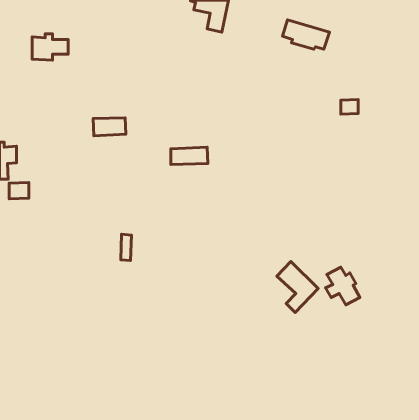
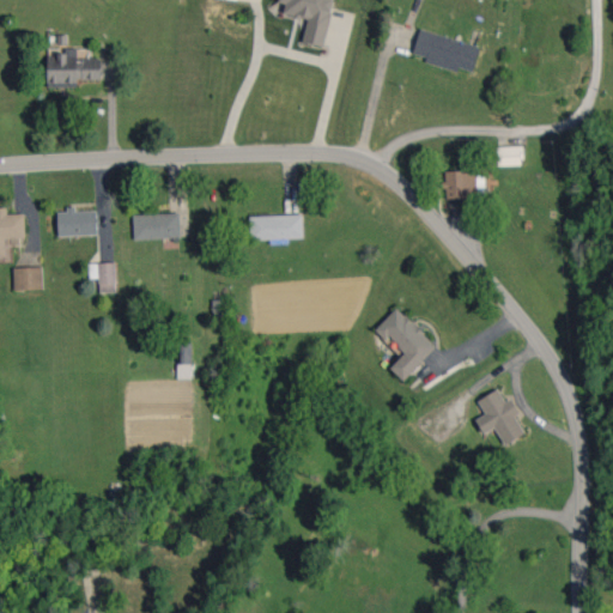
building: none -> [444,170,475,198]
building: [93,118,126,136] -> [132,213,180,239]
building: none -> [56,208,96,236]
building: none -> [89,262,115,292]
building: [277,261,318,312] -> [376,306,436,381]

